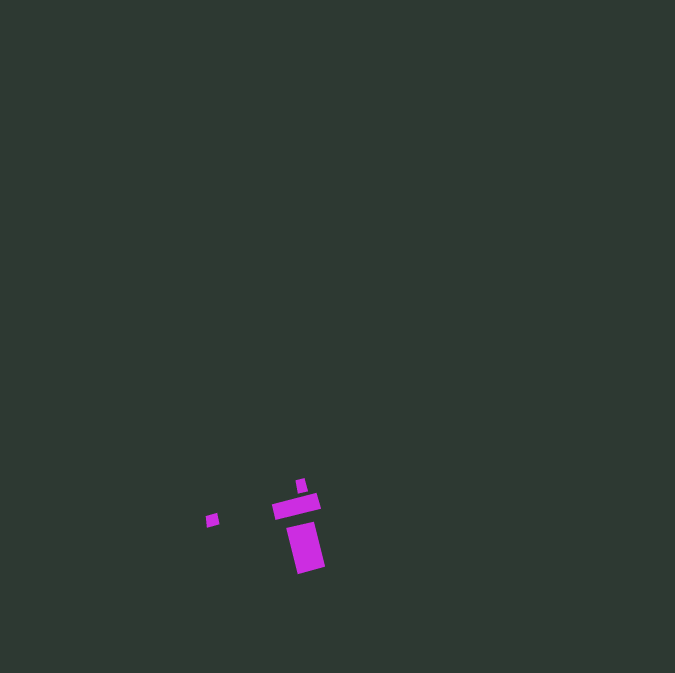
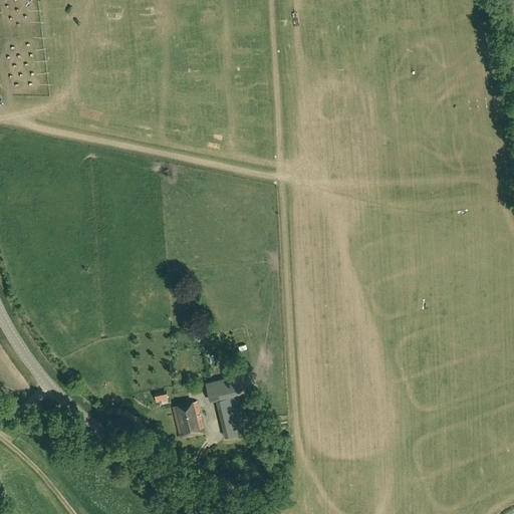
building: none -> [173,403,205,440]

